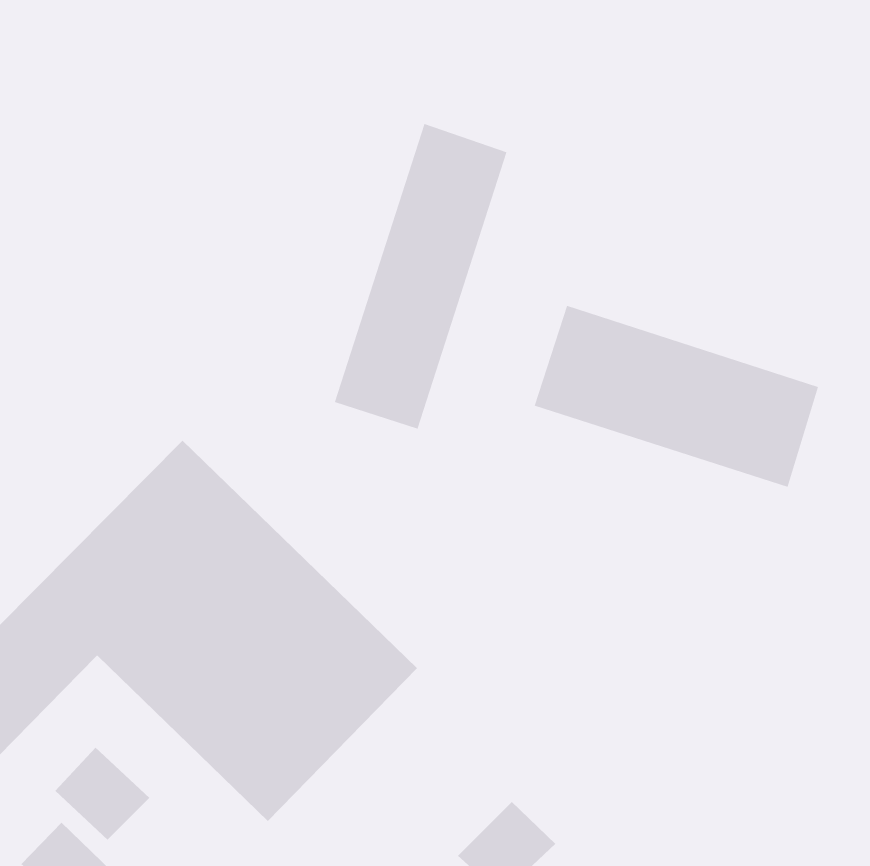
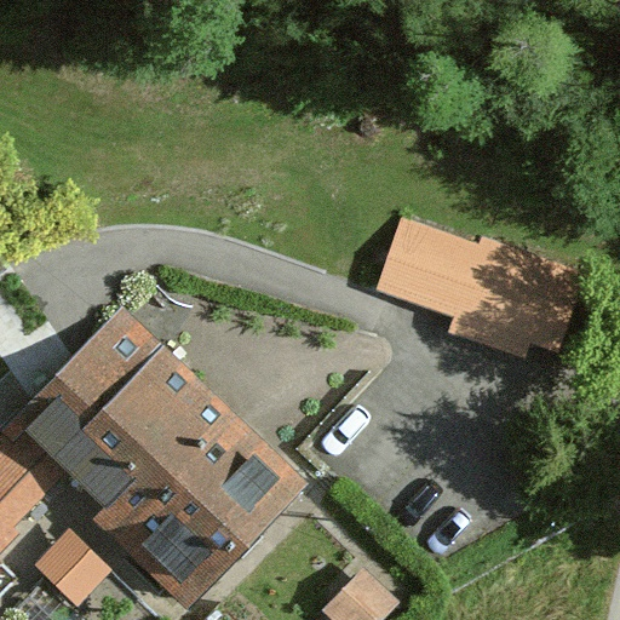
building: [334,123,507,430] -> none

